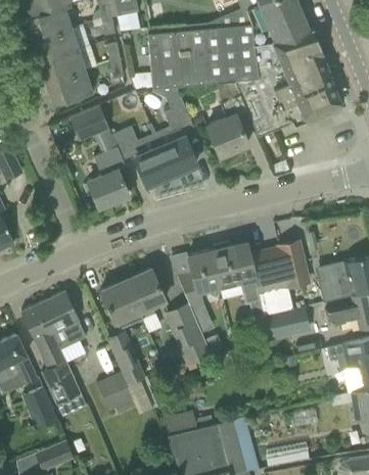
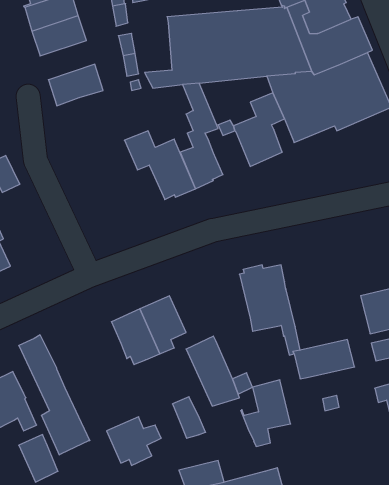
building: [40,49,87,83] -> none
building: [71,106,109,141] -> none
building: [84,147,129,208] -> none
building: [250,242,309,295] -> none
building: [178,250,221,307] -> [241,380,291,446]
building: [40,291,87,348] -> none
building: [117,347,145,383] -> [172,397,206,438]

